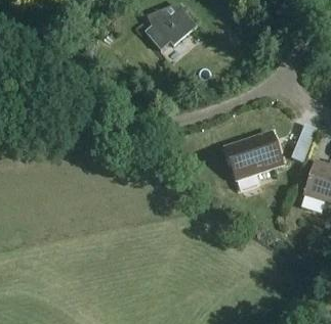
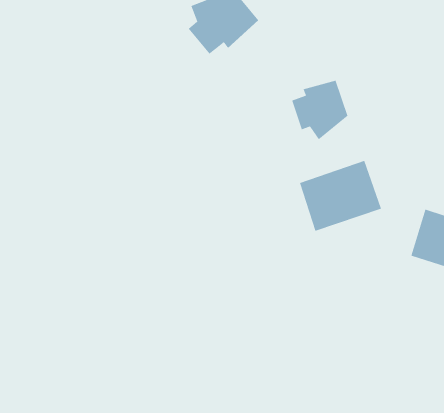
building: none -> [291,80,348,140]

